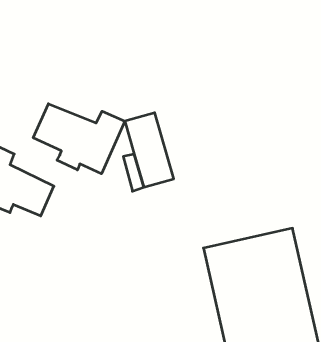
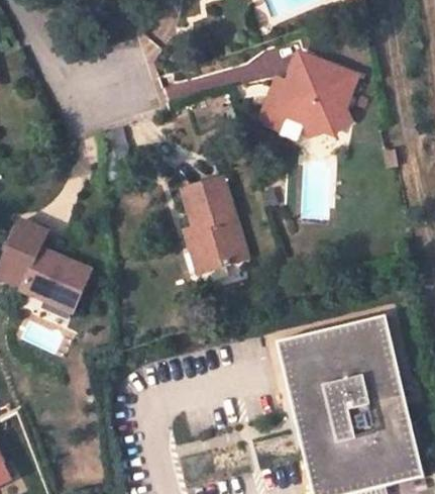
building: none -> [255,55,353,134]
building: [33,104,125,174] -> none

